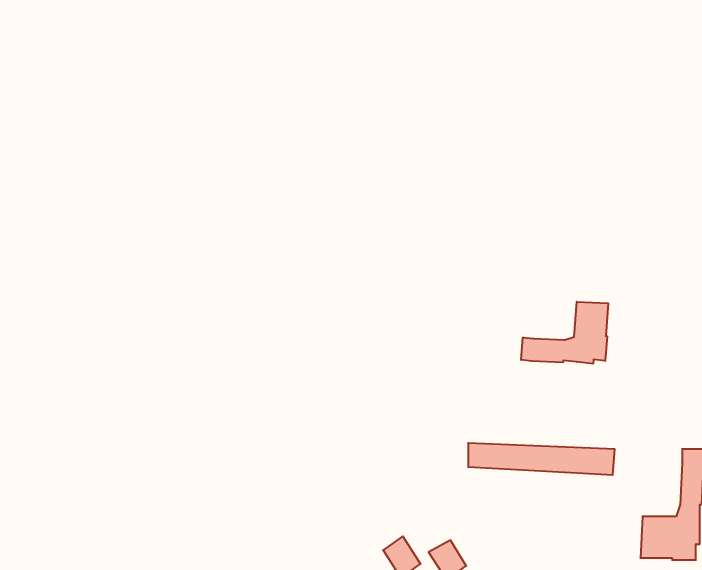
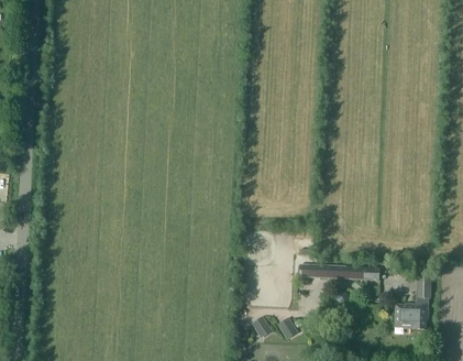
building: [521,302,608,364] -> none

